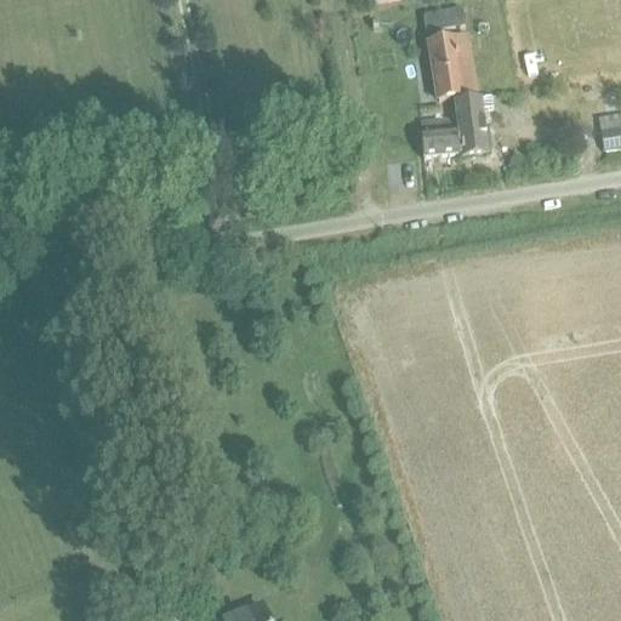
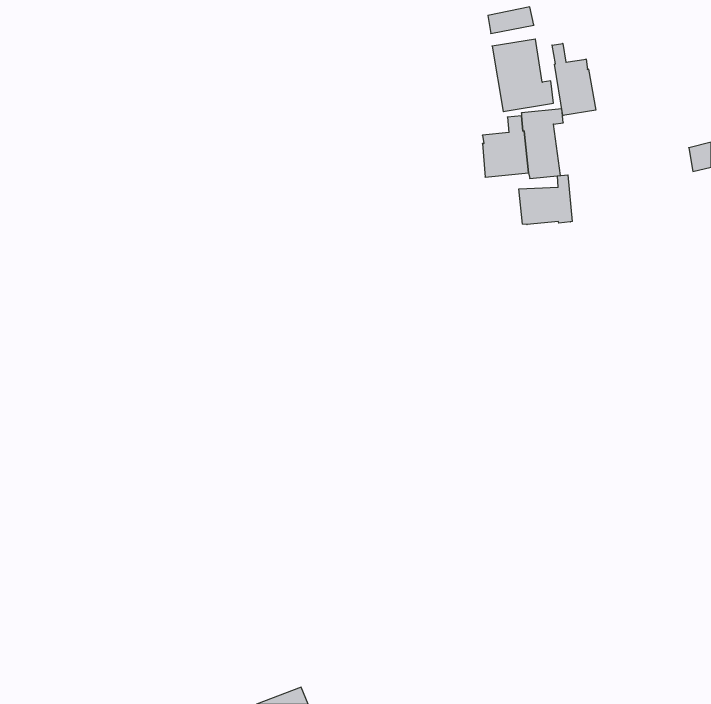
building: none -> [552,43,596,116]
building: none -> [519,175,572,225]

